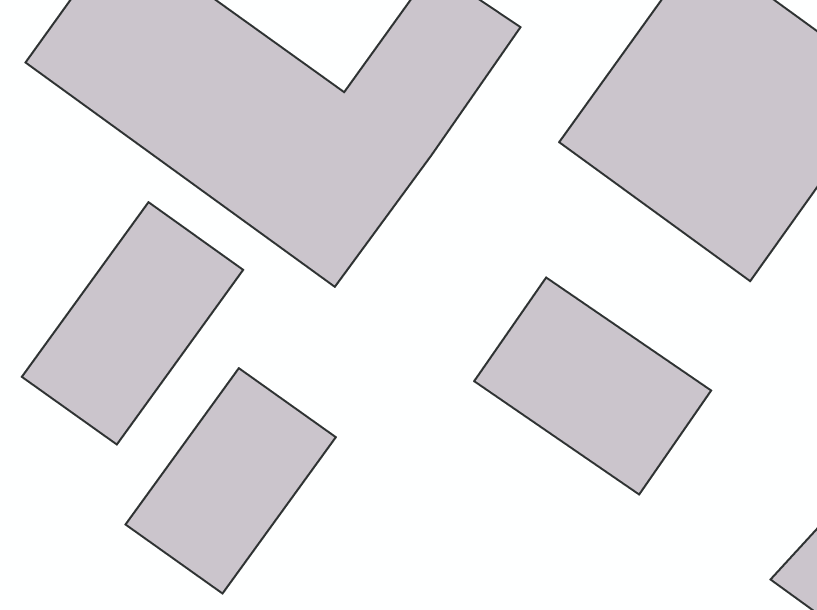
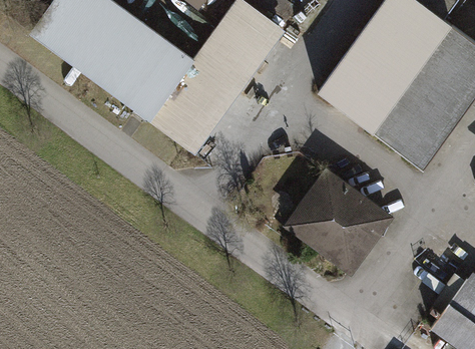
building: [22,202,243,444] -> none
building: [126,368,336,594] -> none

